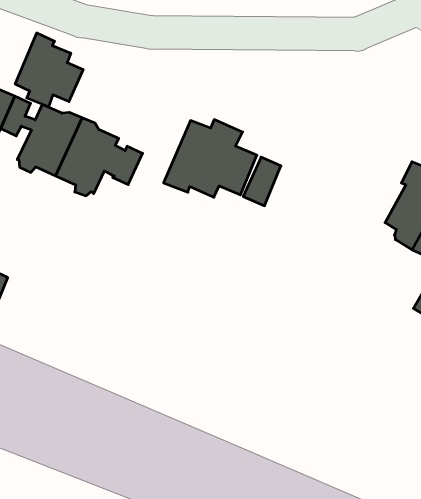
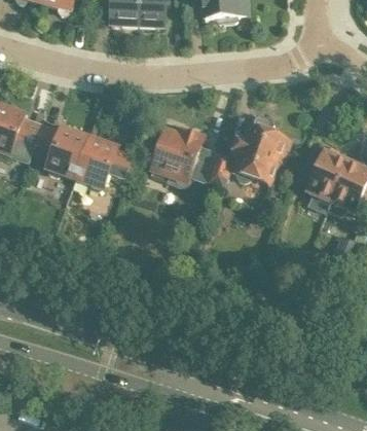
building: [15,33,83,107] -> none
building: none -> [232,113,287,181]

